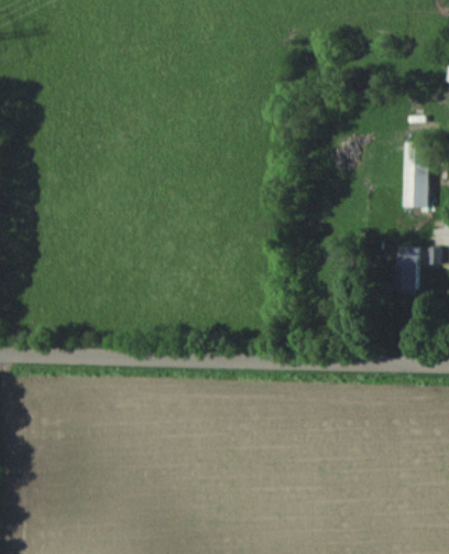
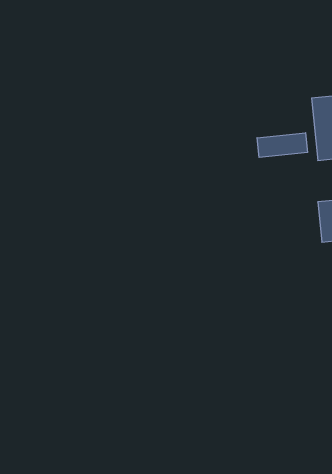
building: none -> [257,133,308,157]

